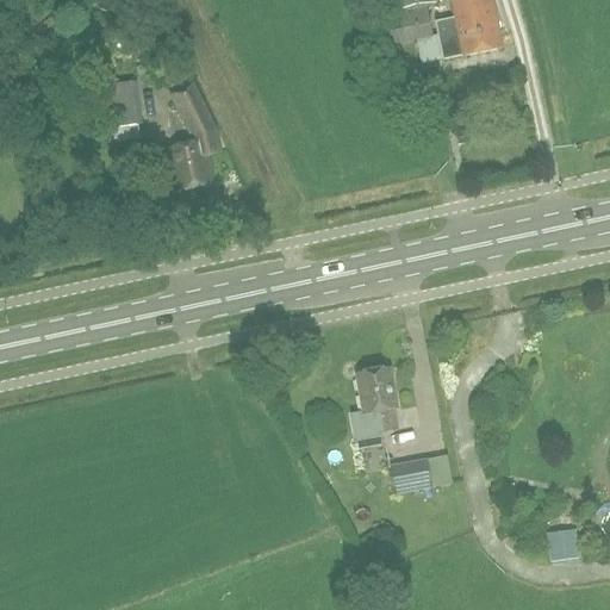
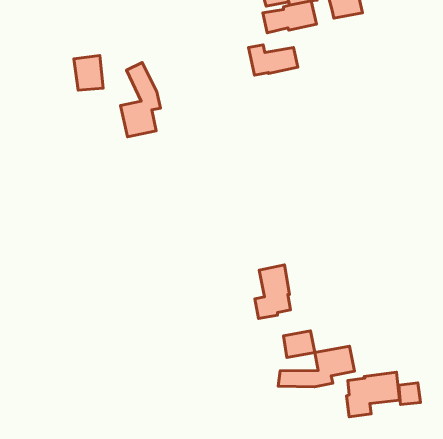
building: [436,14,504,56] -> [248,45,298,75]
building: none -> [278,346,354,387]
building: none -> [347,372,399,417]

